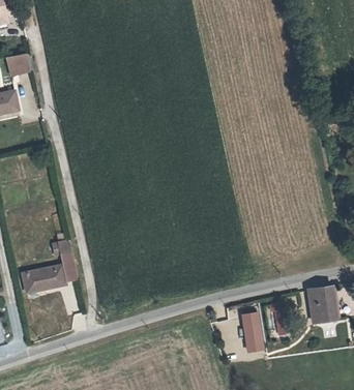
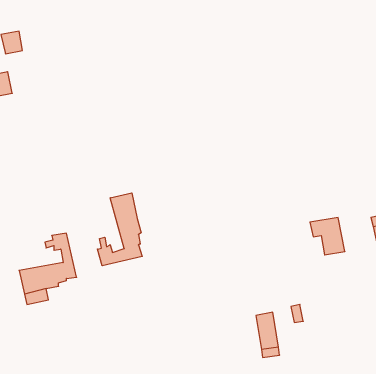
building: none -> [97,193,142,266]
building: [303,289,335,323] -> [310,218,345,255]

